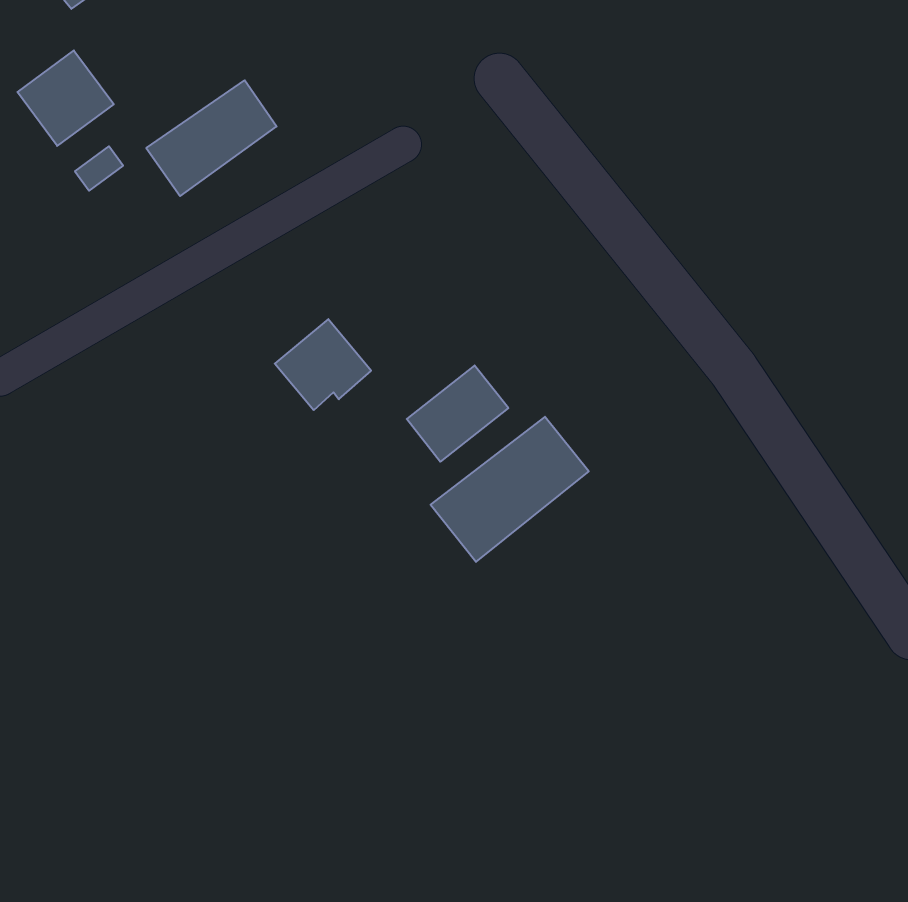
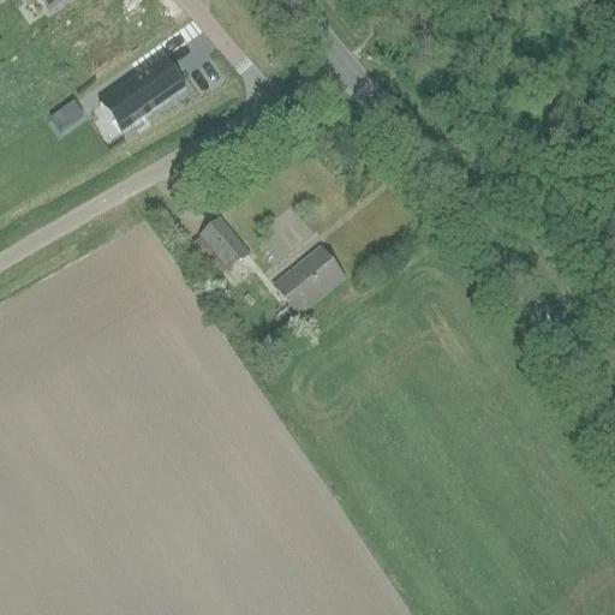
building: [17,50,114,146] -> none
building: [431,417,589,562] -> none

